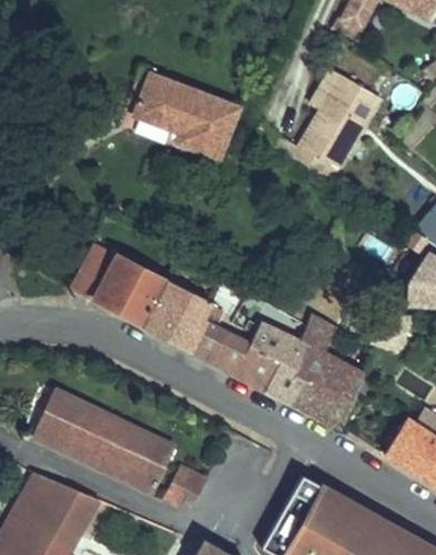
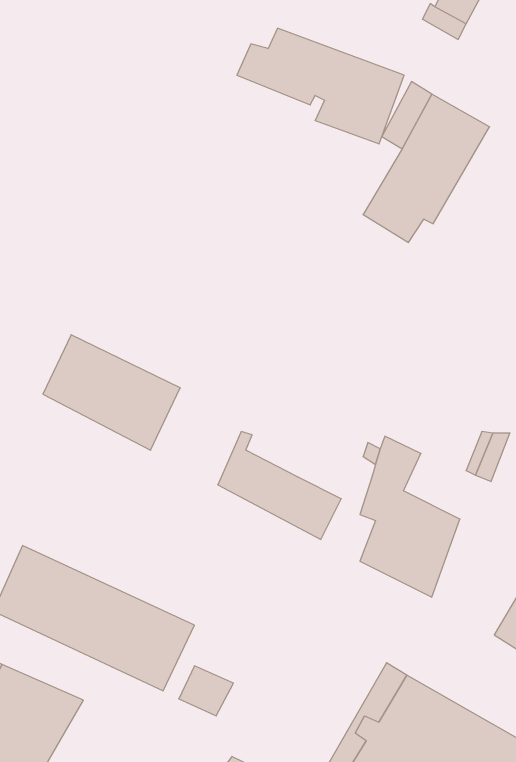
building: [121,76,238,157] -> [237,28,404,144]
building: [144,281,211,349] -> none
building: [247,323,302,403] -> none

